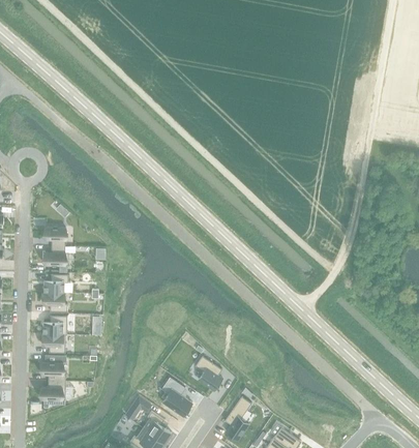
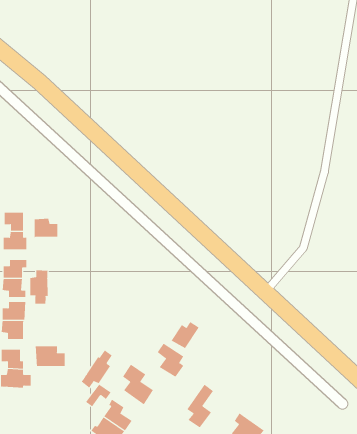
building: none -> [34,218,58,238]
building: none -> [30,270,48,305]
building: none -> [171,321,199,349]
building: none -> [35,346,65,367]
building: none -> [81,349,113,388]

